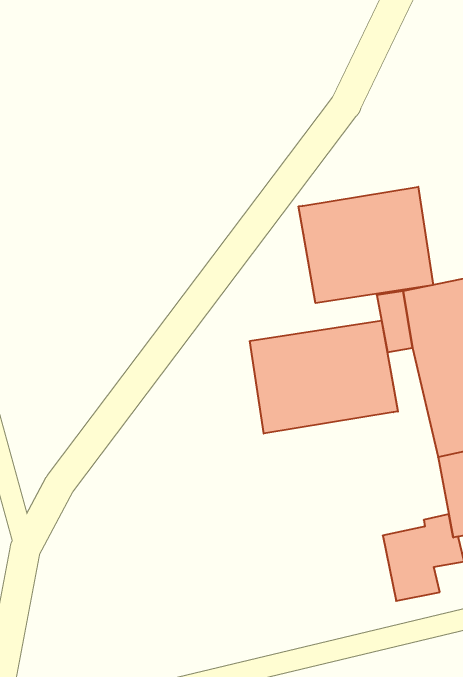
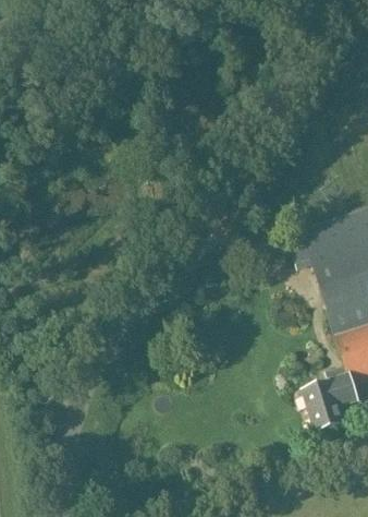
building: [299,187,433,303] -> none
building: [250,321,398,434] -> none

